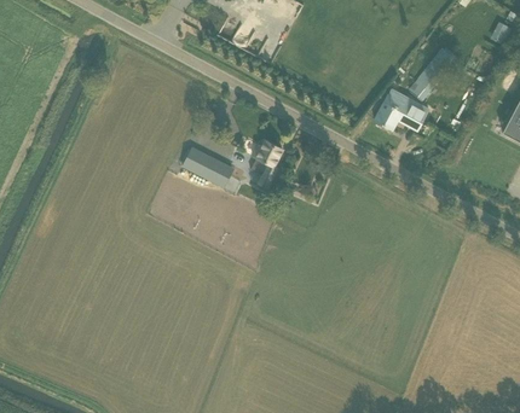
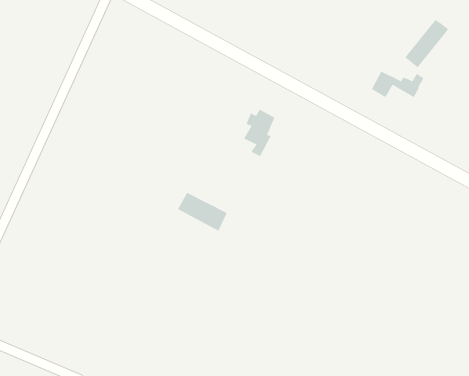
building: [181,147,231,186] -> [177,192,227,231]

